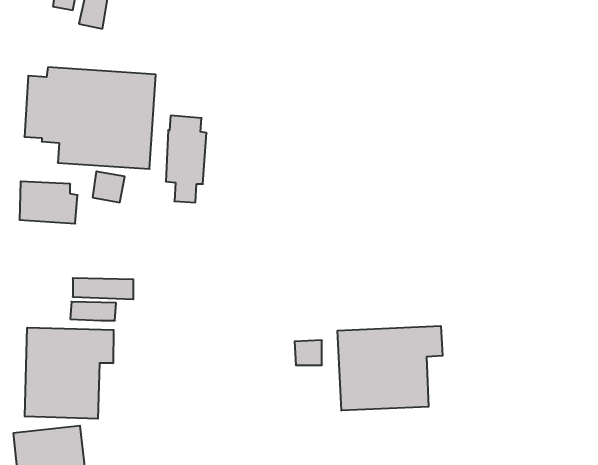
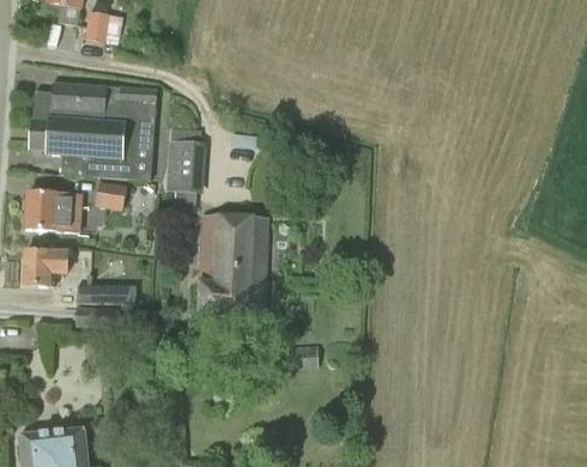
building: none -> [199,213,270,319]
building: none -> [23,249,66,285]
building: [338,326,443,411] -> none
building: [25,328,114,419] -> none

